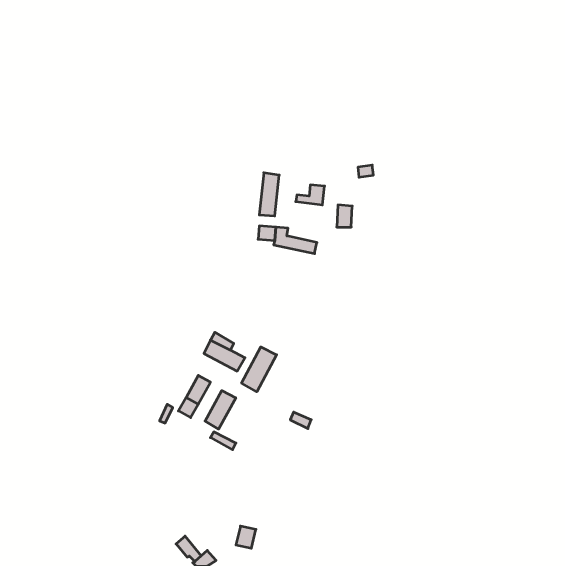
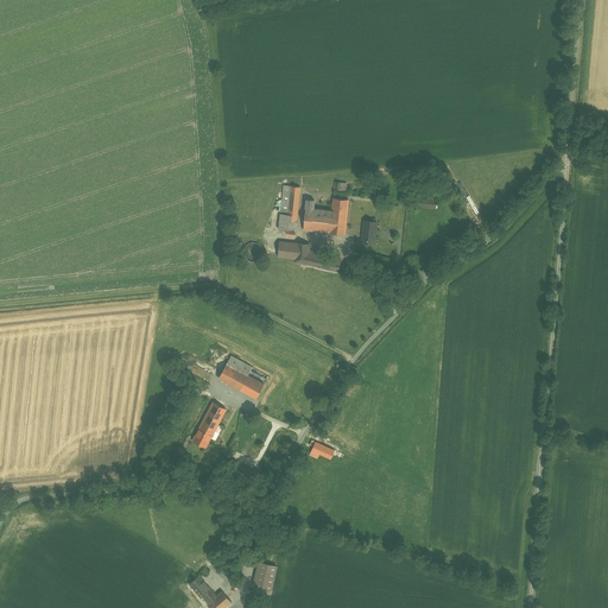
building: none -> [303,200,346,235]
building: [242,347,277,392] -> none
building: [205,391,236,429] -> none

